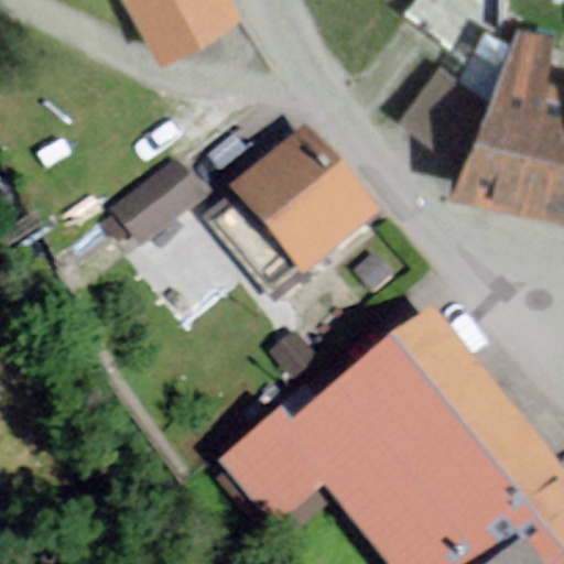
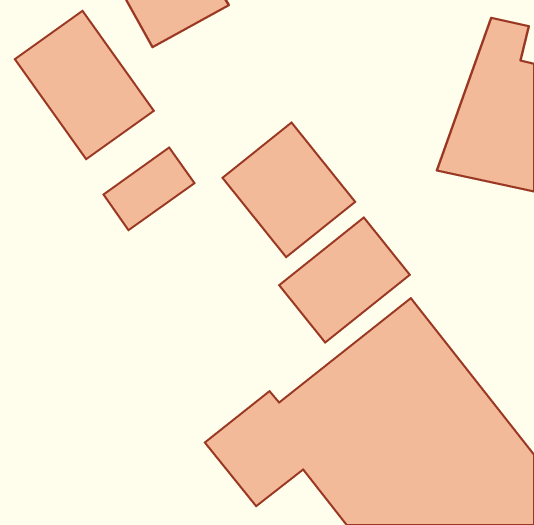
building: none -> [15,11,154,159]
building: none -> [279,217,410,343]

